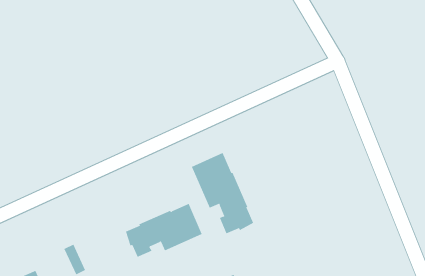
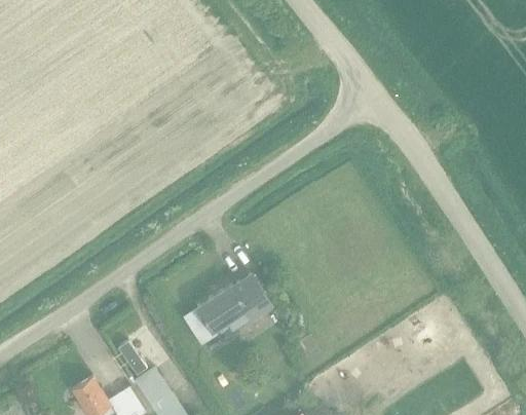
building: [191,152,254,234] -> none

